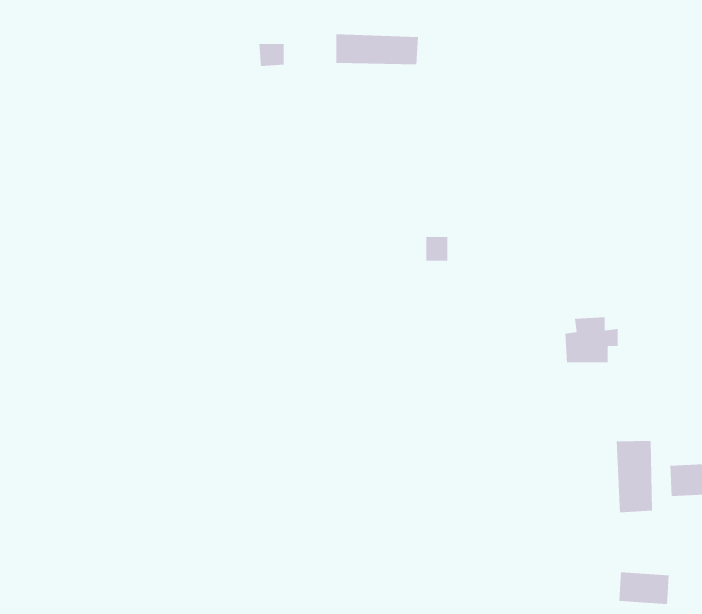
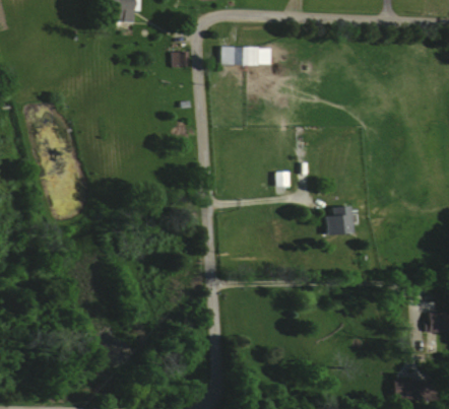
building: [564,317,618,363] -> [325,206,359,234]
building: [616,440,653,513] -> none

